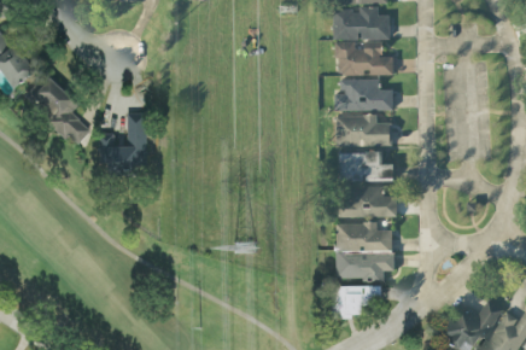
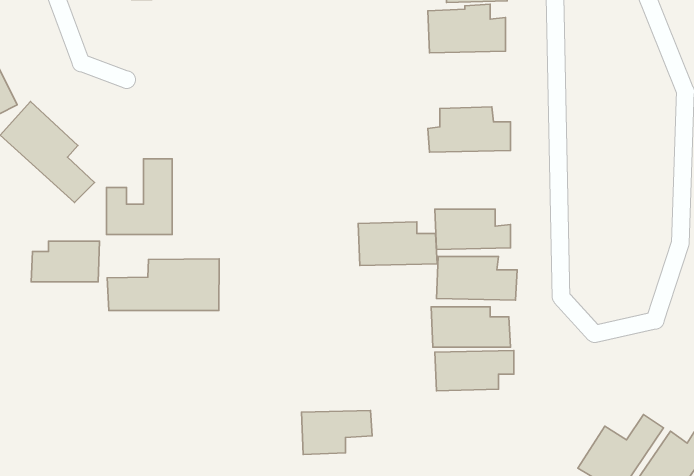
building: [337,41,393,75] -> none
building: [334,115,391,146] -> [358,222,437,265]
building: none -> [31,241,100,282]
building: none -> [107,259,219,311]
building: [333,288,384,320] -> [302,411,372,454]

